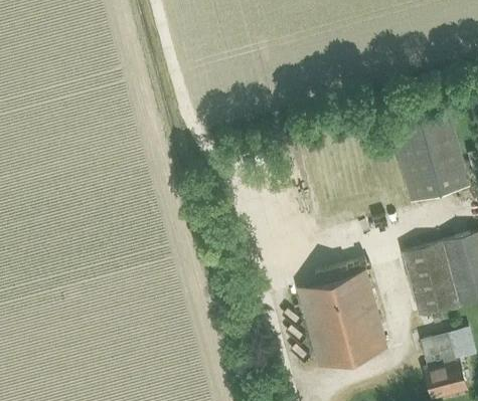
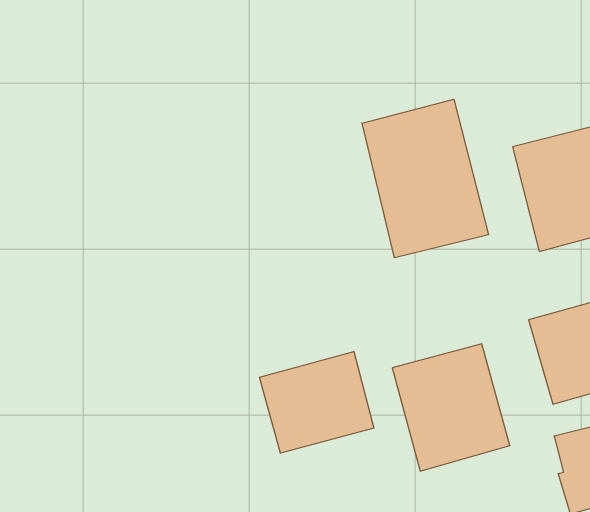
building: none -> [362,99,488,258]
building: none -> [259,351,374,453]

